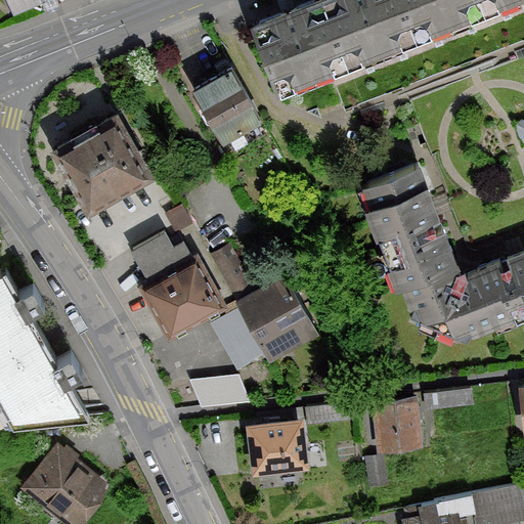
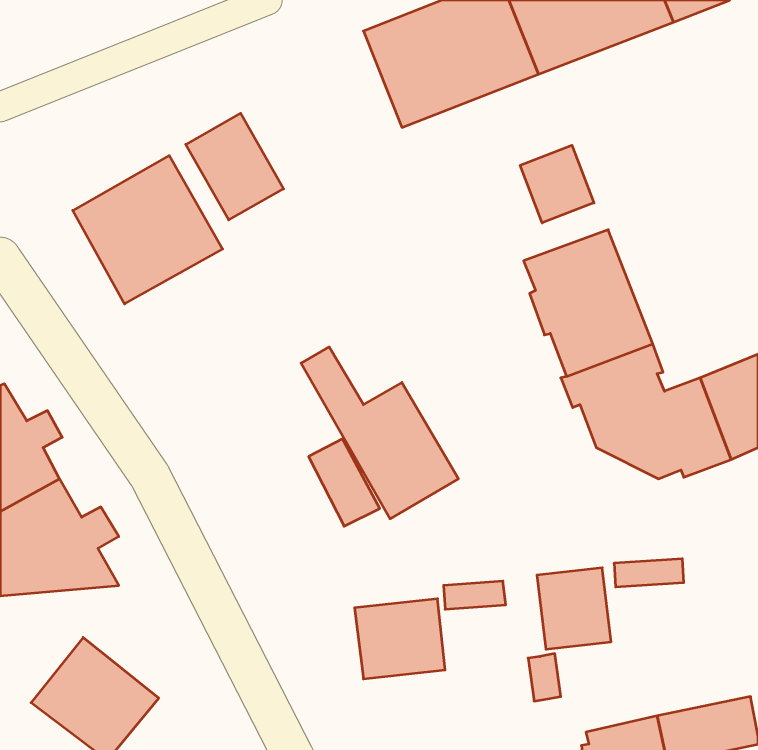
building: [192,70,260,143] -> [186,113,284,220]
building: none -> [520,145,594,223]
building: [131,233,227,341] -> none
building: [186,377,247,405] -> none

